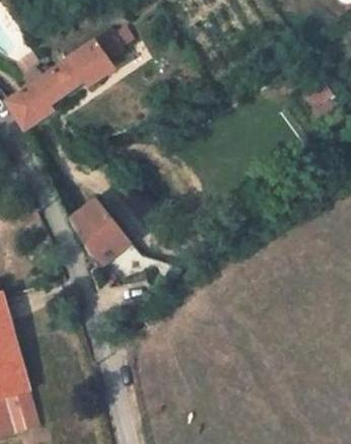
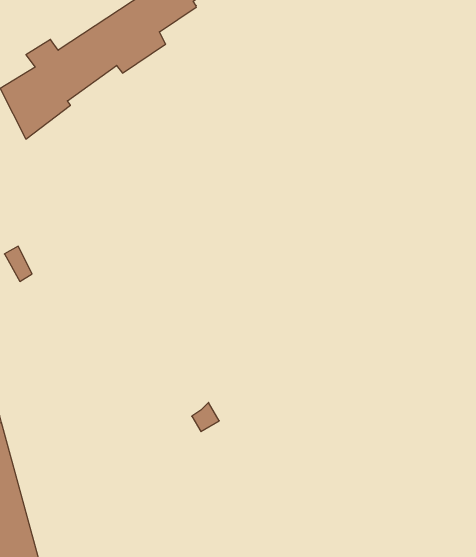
building: [69,203,129,266] -> none

